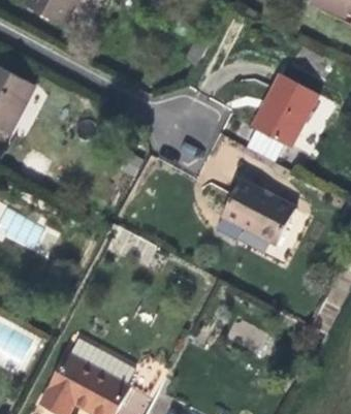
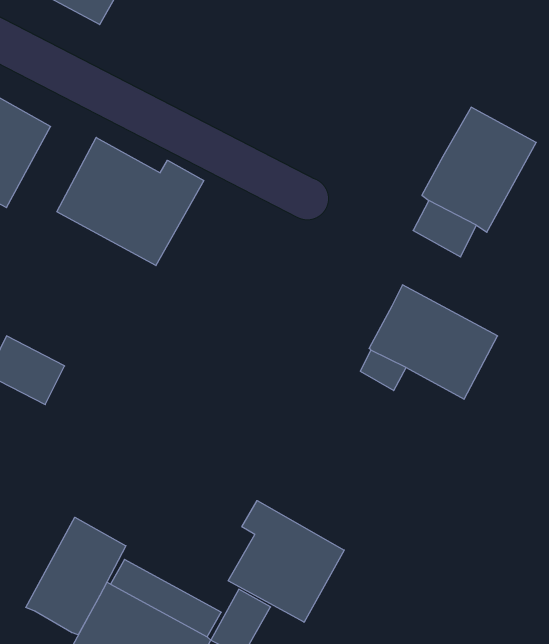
building: none -> [57,137,204,266]
building: none -> [228,501,344,622]
building: none -> [26,517,126,635]

